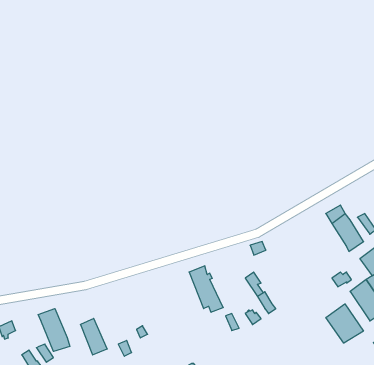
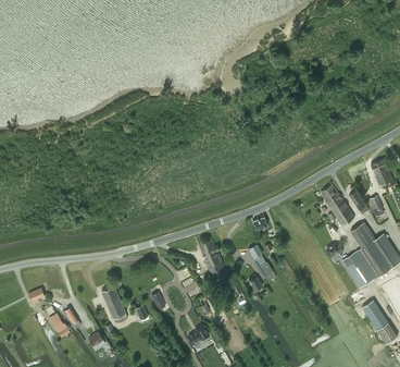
building: [326,304,363,343] -> none
building: [38,309,70,351] -> none

